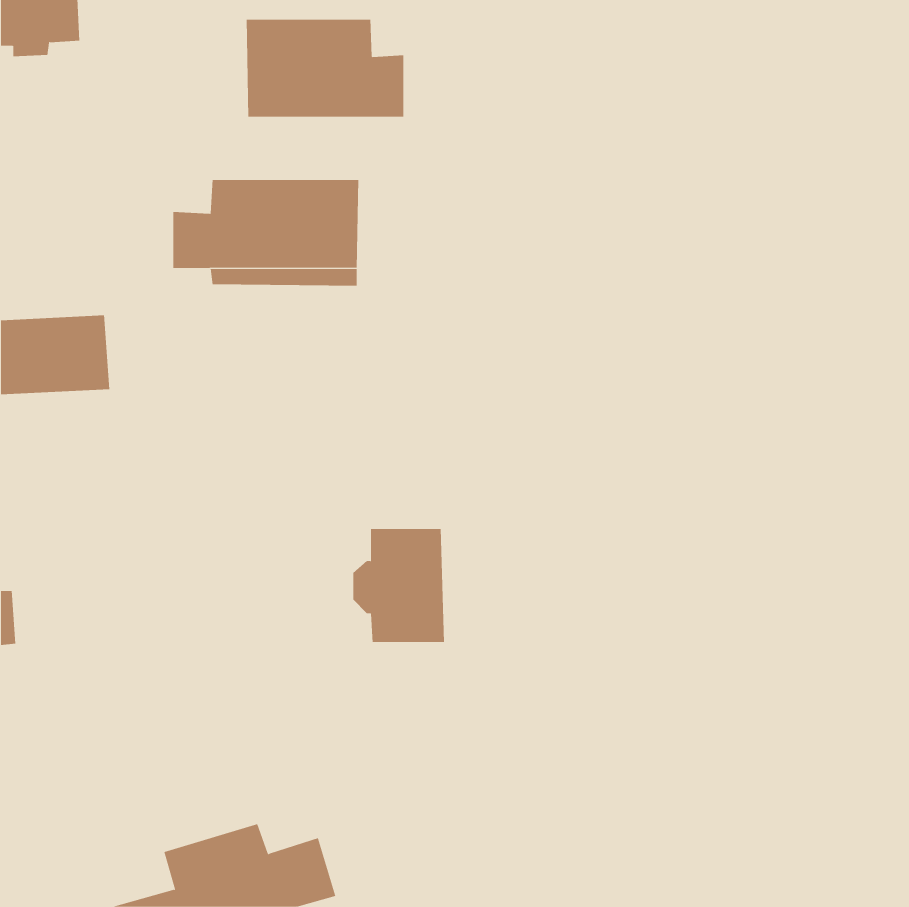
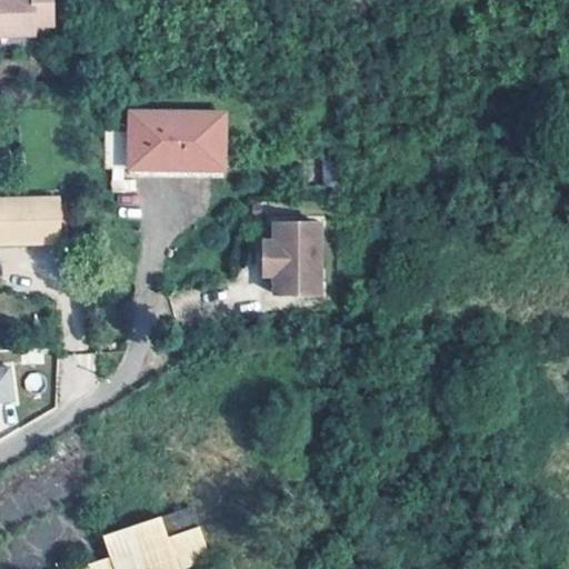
building: [246,19,404,117] -> none
building: [352,529,445,642] -> [259,217,317,288]

